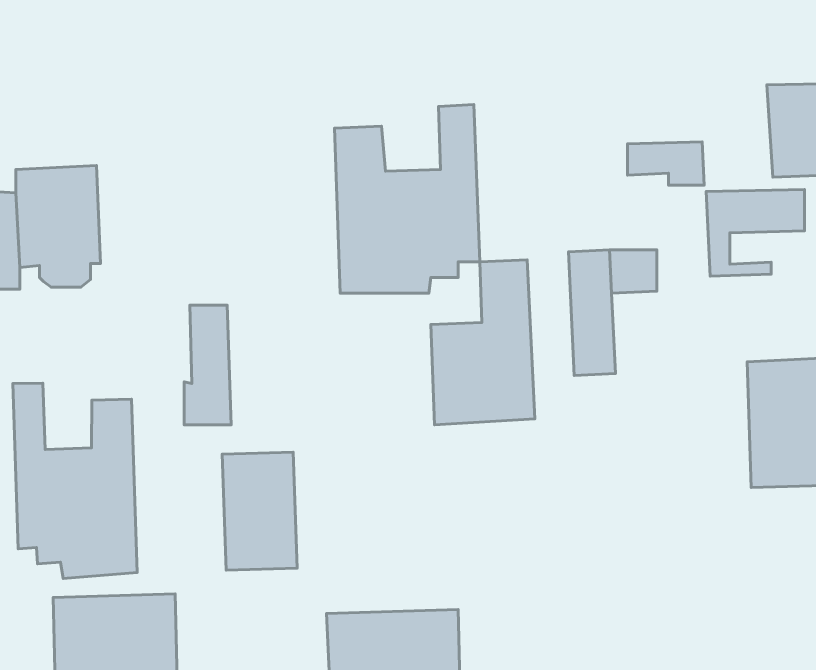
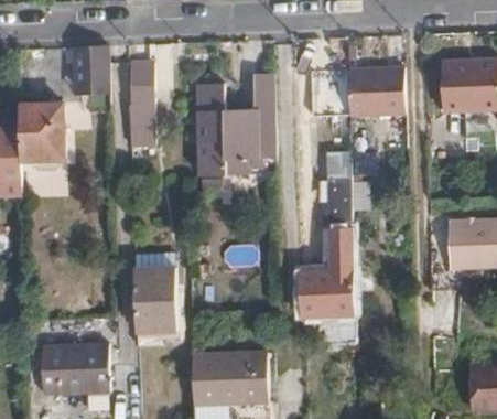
building: none -> [71,45,109,85]
building: [706,190,804,276] -> [347,67,402,116]
building: [431,260,535,425] -> [299,228,357,321]
building: [184,305,231,425] -> [128,61,154,128]
building: [13,383,137,578] -> none

